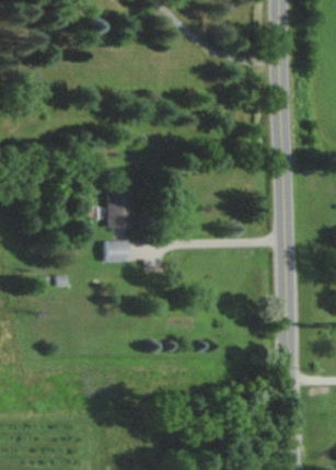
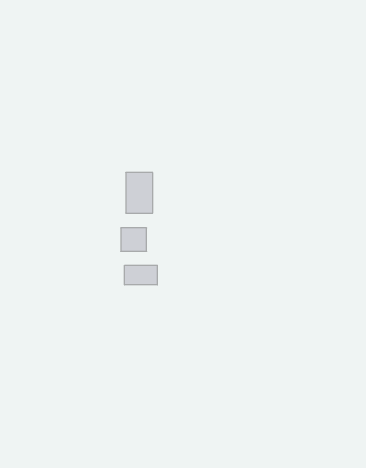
building: none -> [125,265,157,285]

